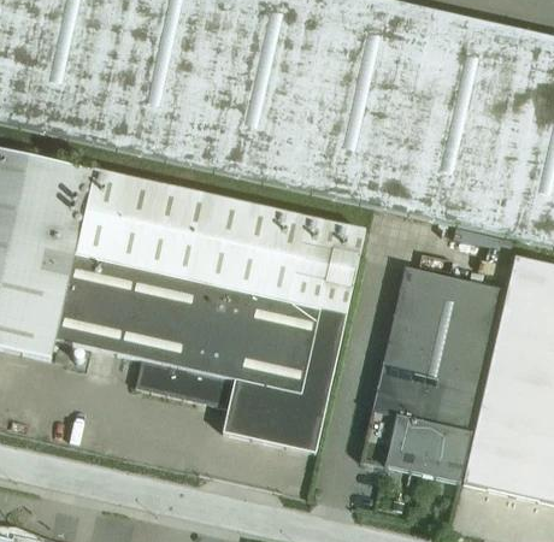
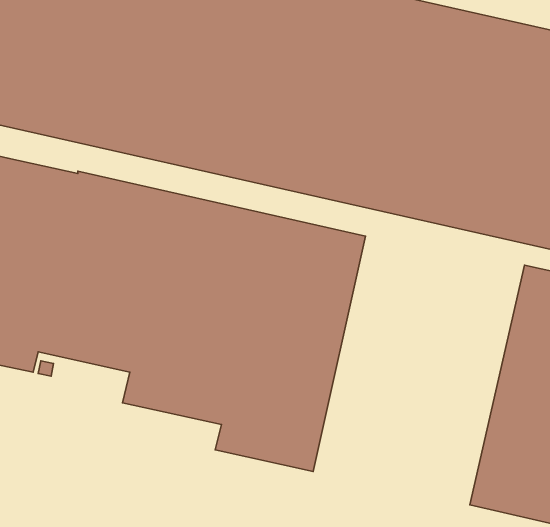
building: [359,266,503,483] -> none

